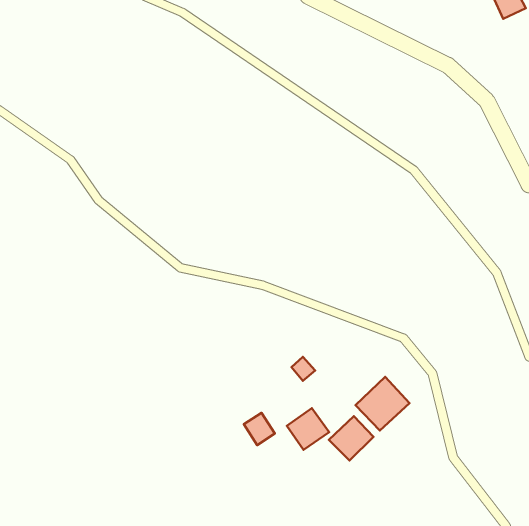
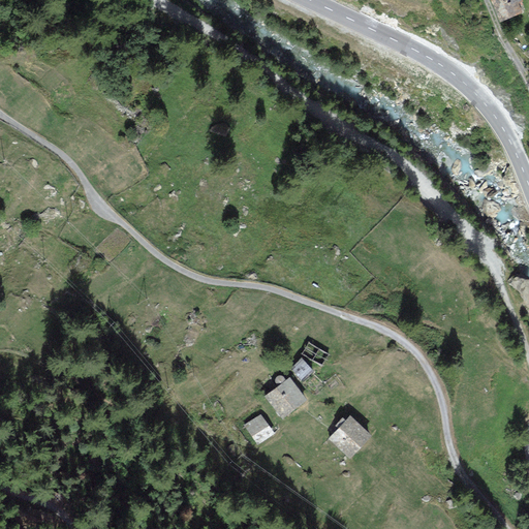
building: [356,377,410,430] -> none
building: [287,408,329,450] -> [264,376,307,417]

